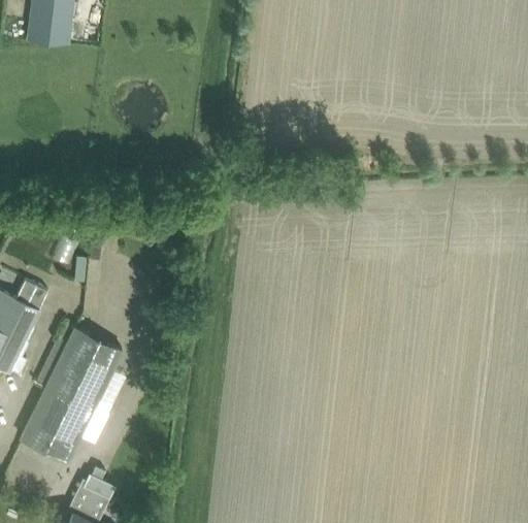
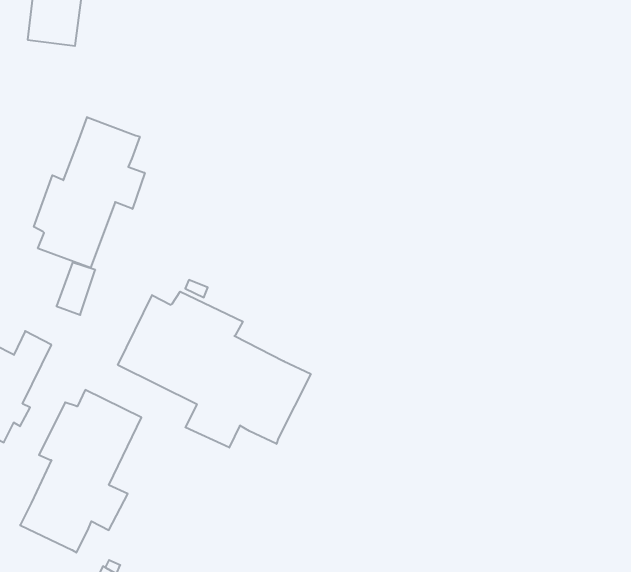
building: none -> [34,117,145,268]
building: none -> [118,292,311,448]

